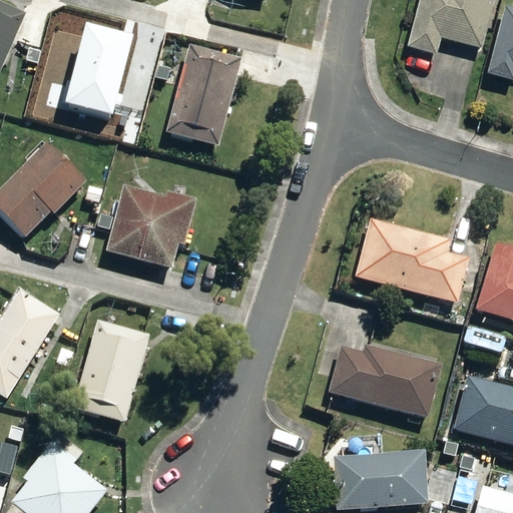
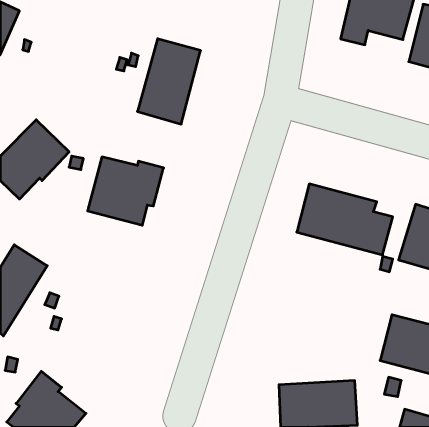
building: [63,26,122,120] -> none
building: [72,322,148,423] -> none
building: [328,345,441,418] -> none

